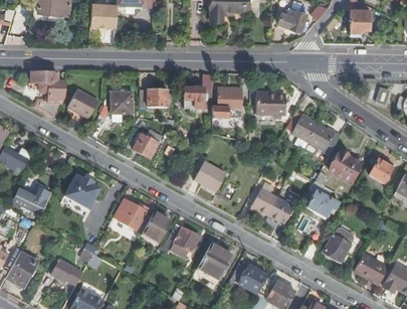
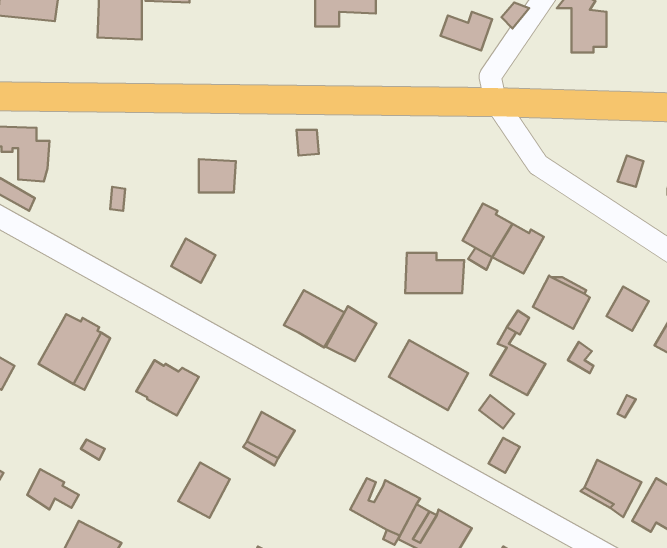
building: [184,89,204,110] -> none
building: [213,89,241,118] -> none
building: [67,90,97,123] -> none
building: [111,93,133,115] -> none
building: [256,95,288,117] -> [405,253,464,293]
building: none -> [326,306,376,361]
building: [142,211,170,242] -> [178,462,230,518]
building: [326,227,354,261] -> none
building: [198,244,231,280] -> none

